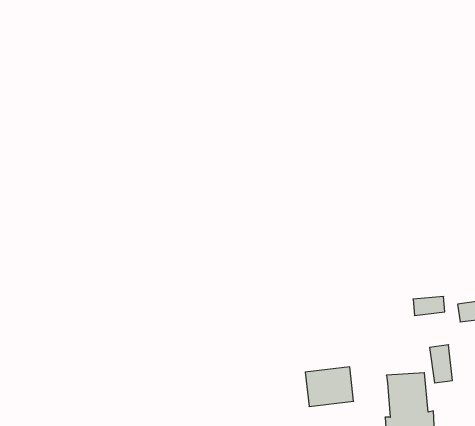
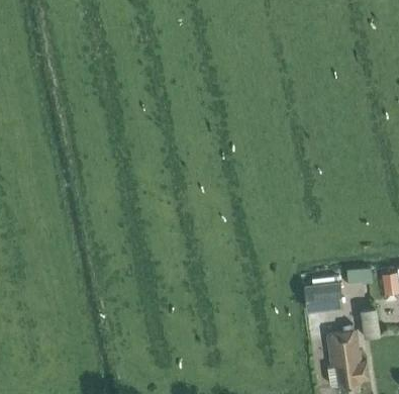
building: [305,367,354,406] -> [304,282,342,313]

